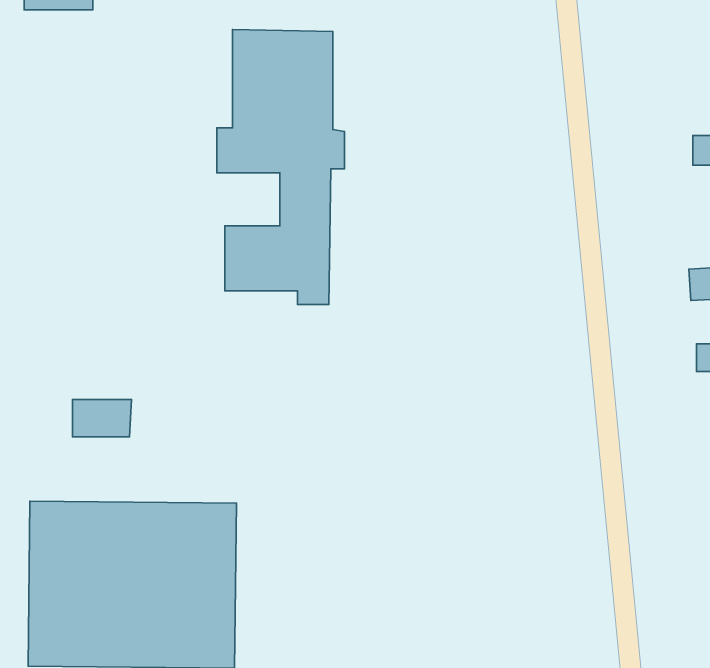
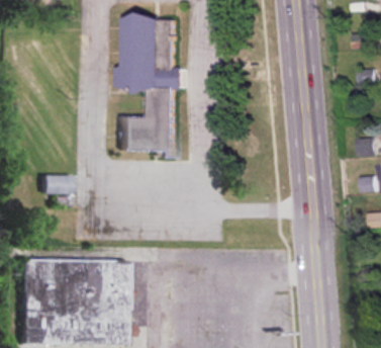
building: [72,399,131,437] -> [39,175,70,194]

